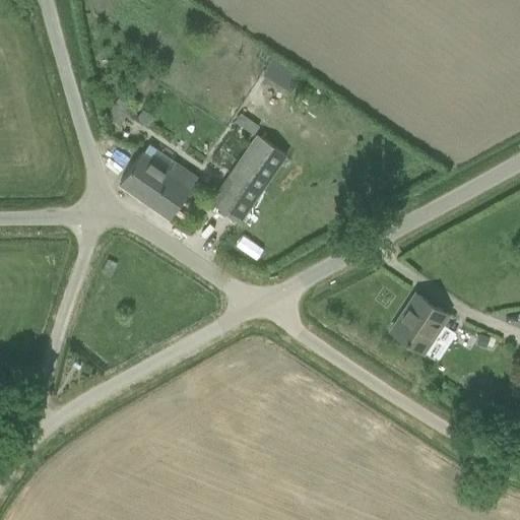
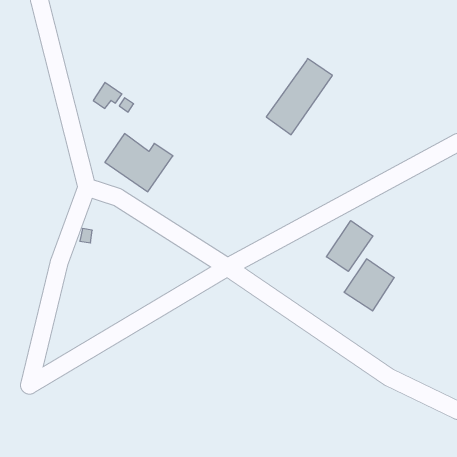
building: [211,136,286,222] -> [266,59,332,135]
building: none -> [326,221,373,271]

